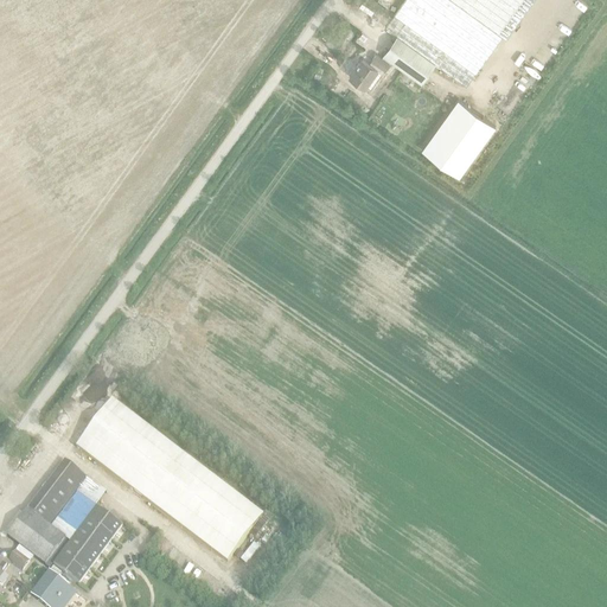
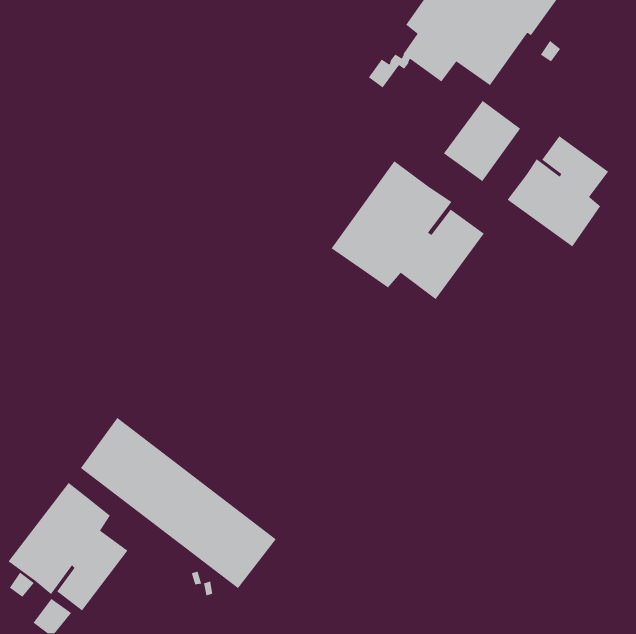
building: none -> [507,135,609,247]
building: none -> [331,160,485,300]

